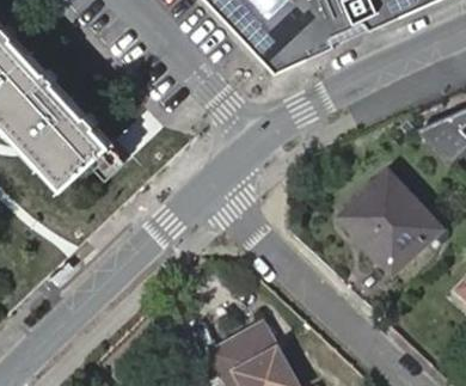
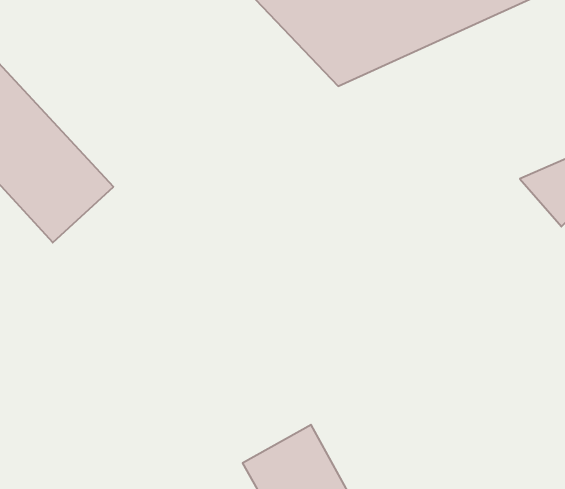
building: [336,179,436,282] -> none

